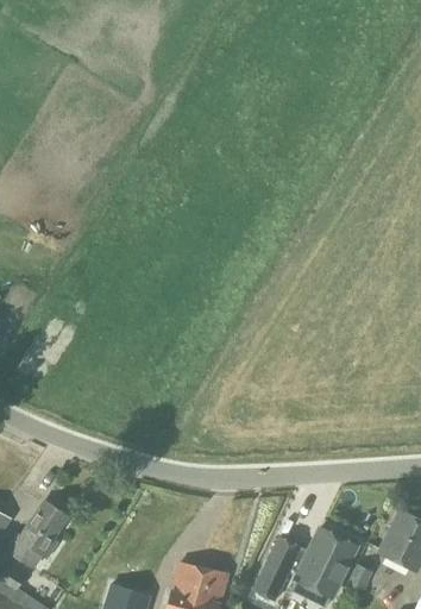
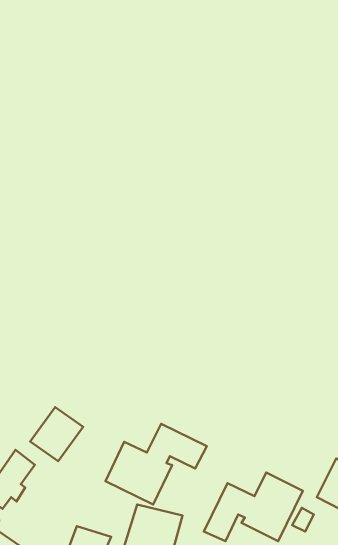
building: none -> [30,407,83,461]
building: none -> [105,424,207,505]

